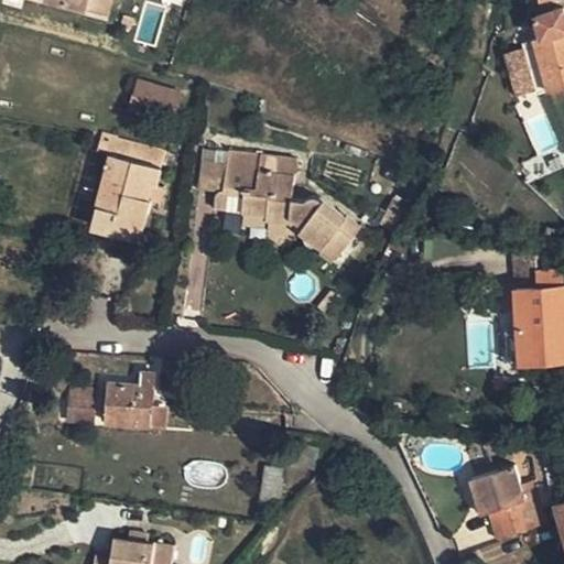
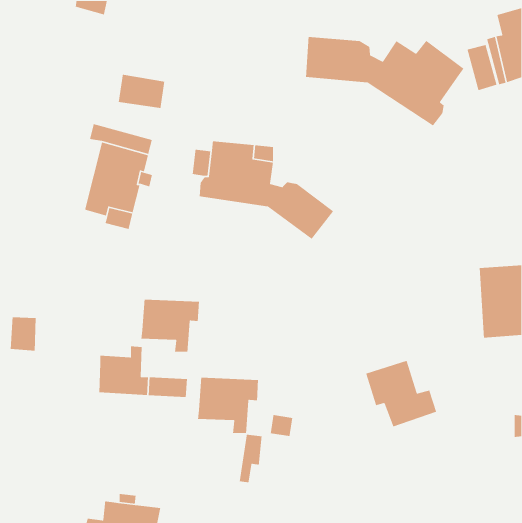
building: none -> [305,36,465,127]
building: none -> [140,299,200,353]
building: [65,388,94,425] -> [10,317,36,351]
building: none -> [197,377,259,434]
building: [468,465,545,538] -> [365,360,437,428]

